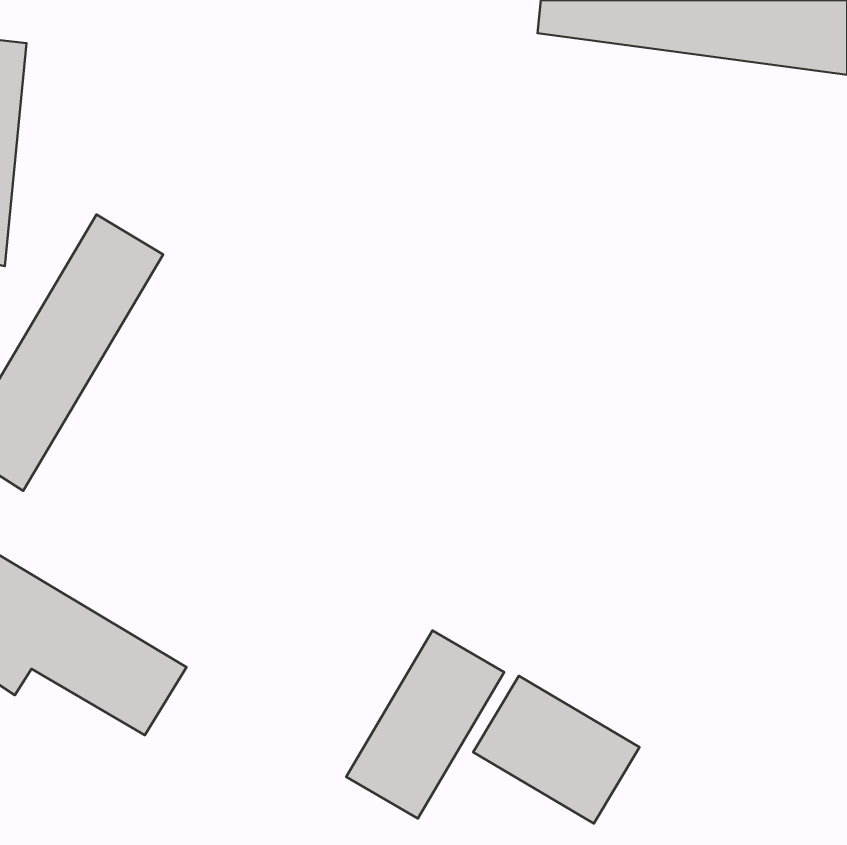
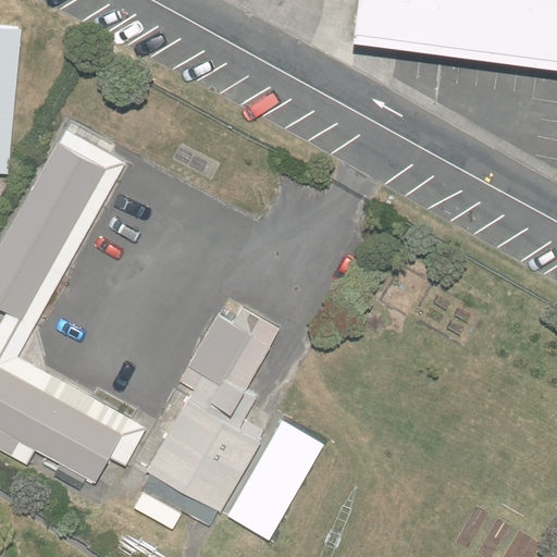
building: none -> [136,311,274,523]
building: [473,676,640,823] -> none

